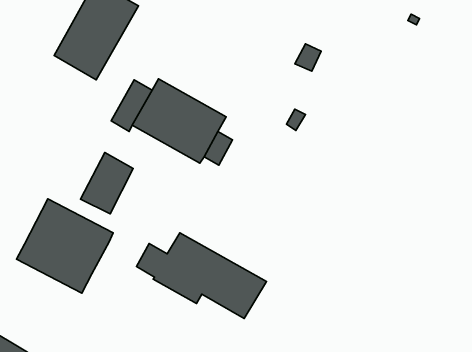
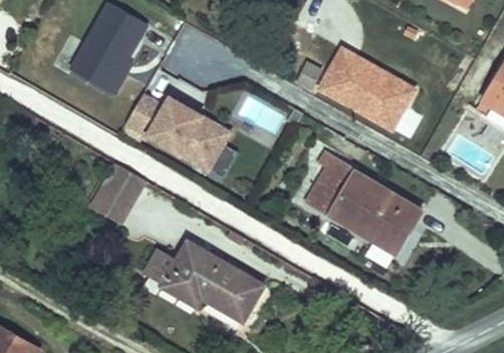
building: none -> [318,46,419,131]
building: none -> [304,161,417,250]
building: [17,199,113,293] -> none

